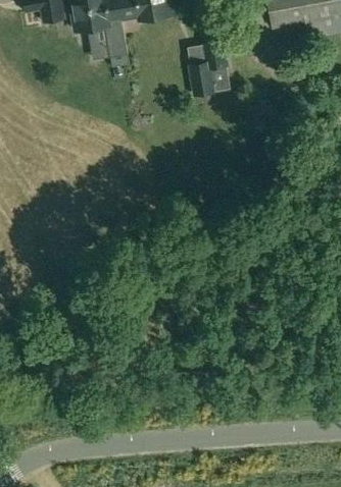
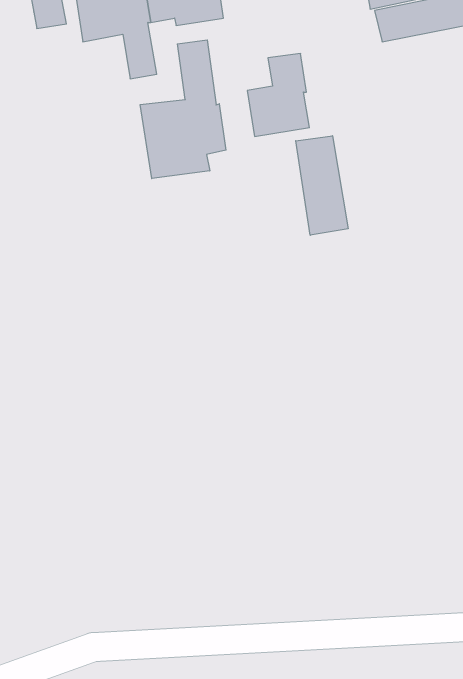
building: none -> [140,40,226,179]
building: none -> [296,136,348,235]

